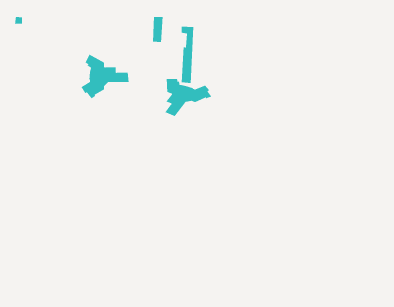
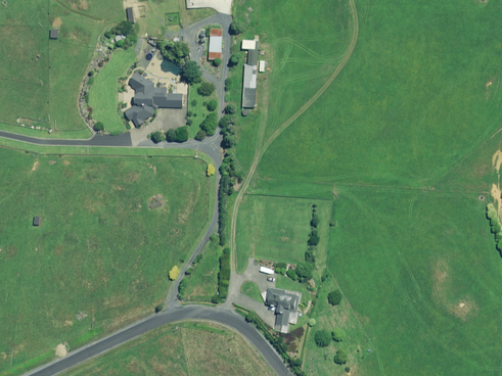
building: [164,78,212,117] -> none
building: none -> [266,287,300,325]

